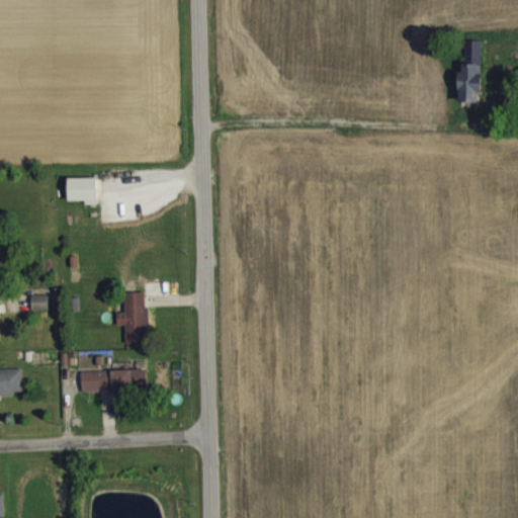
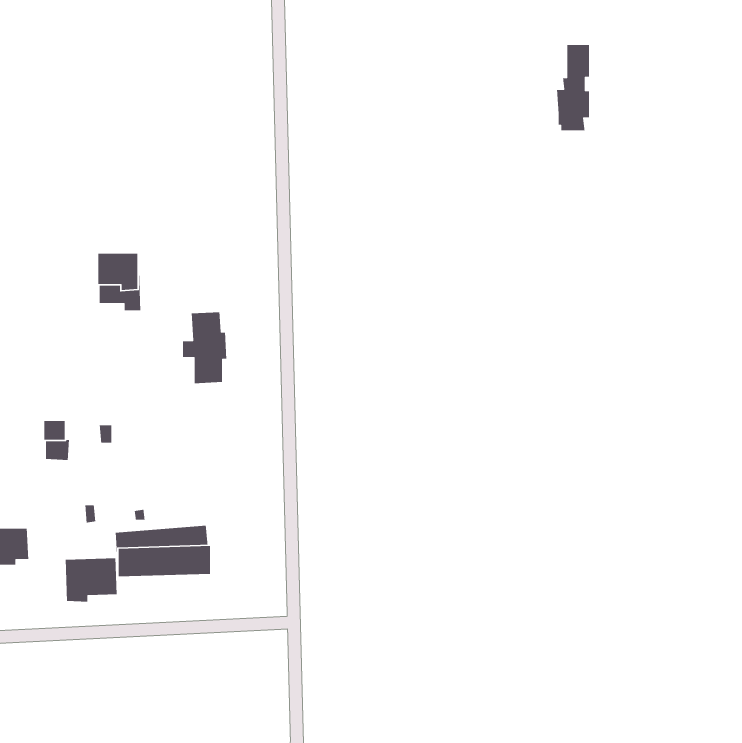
building: [456,38,480,99] -> [556,44,590,131]
building: [116,290,148,341] -> [182,311,227,384]
building: none -> [65,557,117,602]

